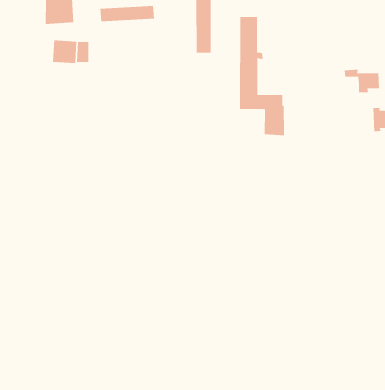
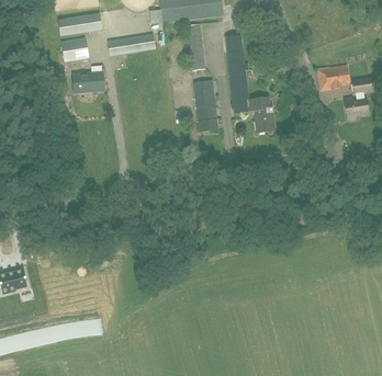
building: none -> [193,79,216,129]

